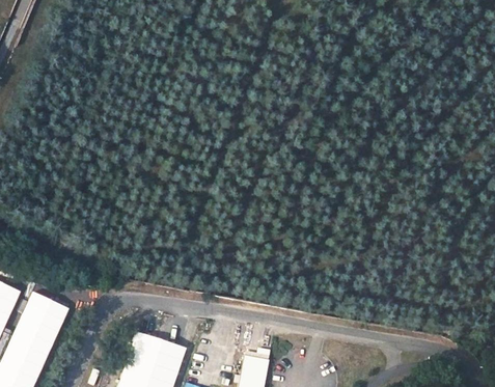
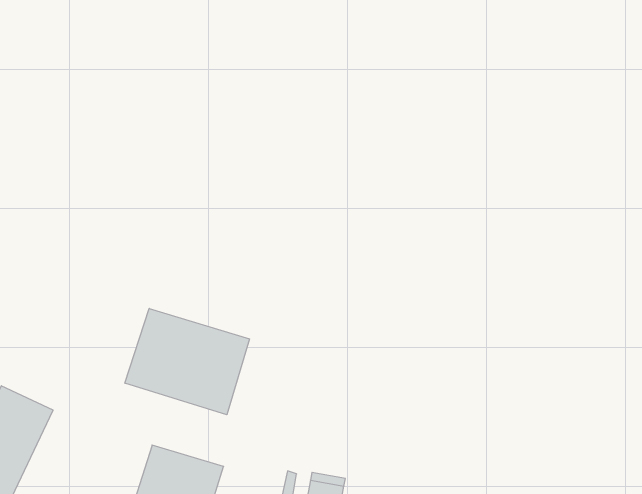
building: none -> [125,308,250,415]

